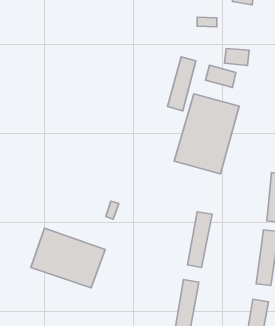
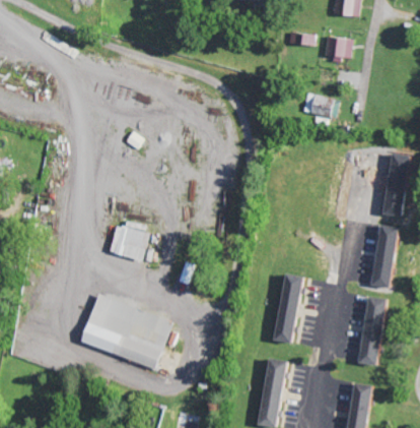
building: [225,48,249,66] -> [319,36,349,57]
building: [167,57,196,111] -> none
building: [174,94,239,174] -> none
building: none -> [107,221,148,259]

